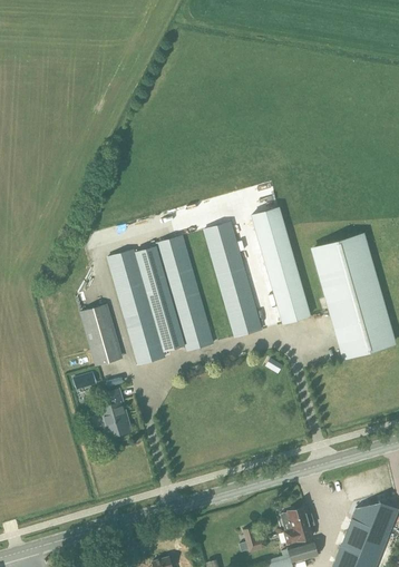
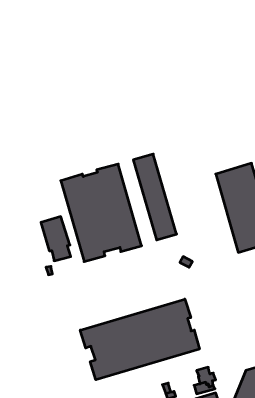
building: [251,207,310,323] -> none
building: [91,390,130,438] -> none
building: none -> [80,299,199,380]

